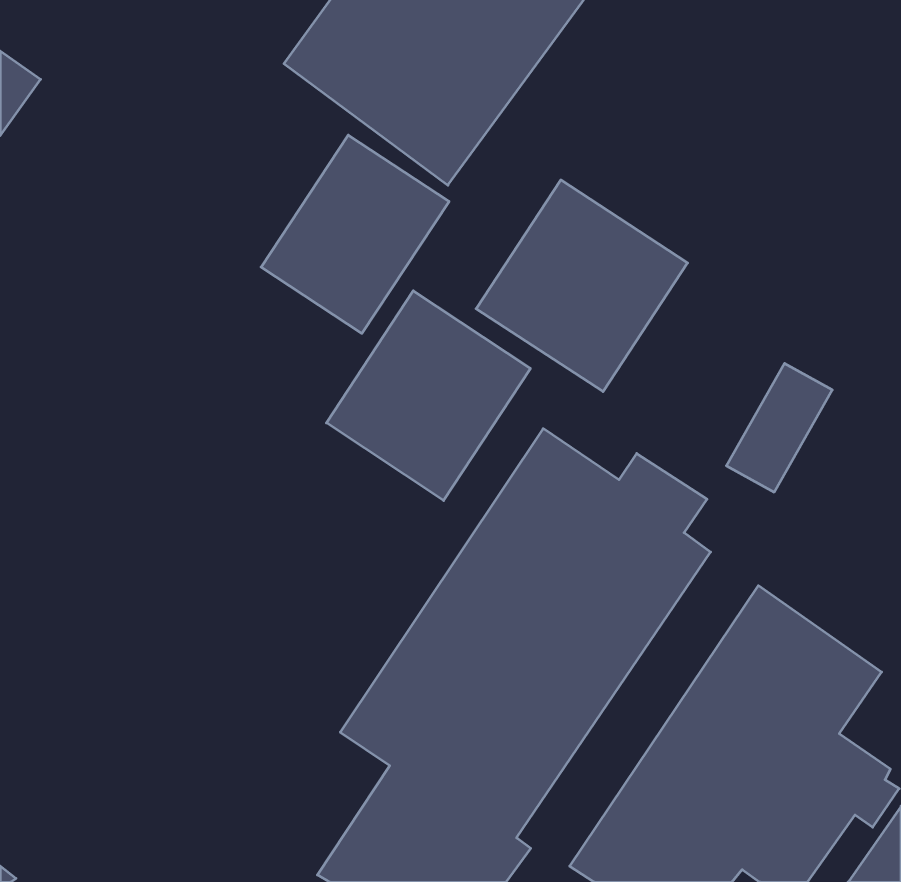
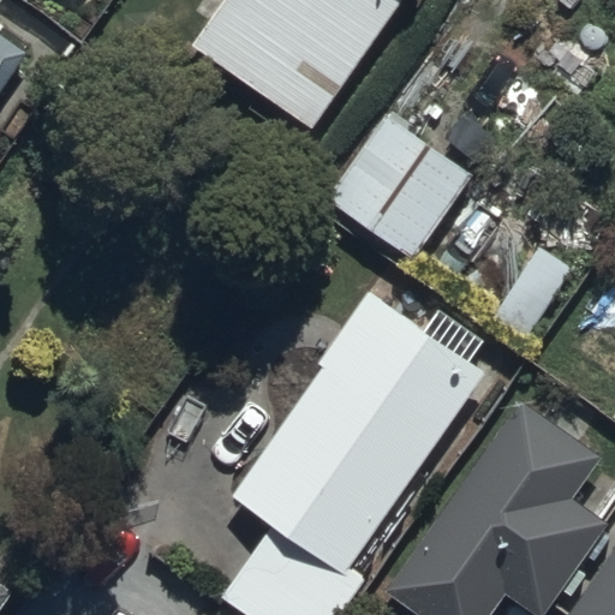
building: [261,135,449,333] -> none
building: [326,291,530,501] -> none

